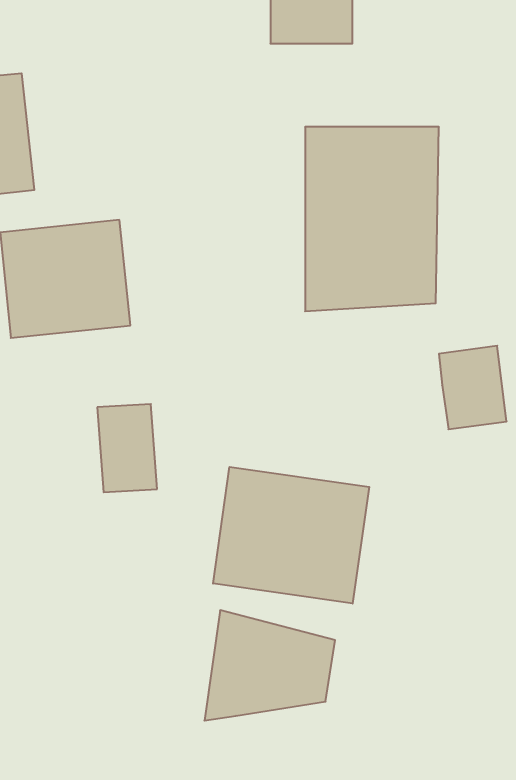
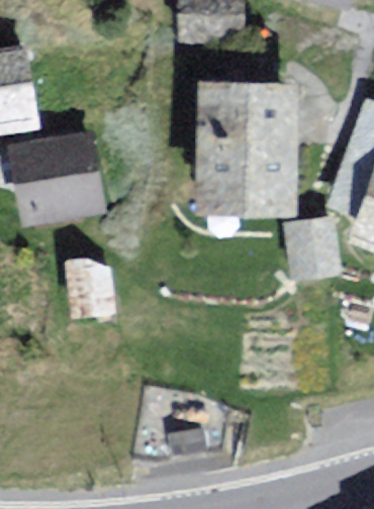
building: [213,467,369,604] -> none

